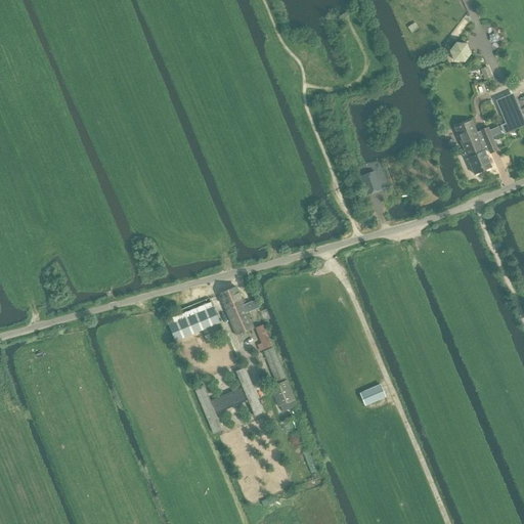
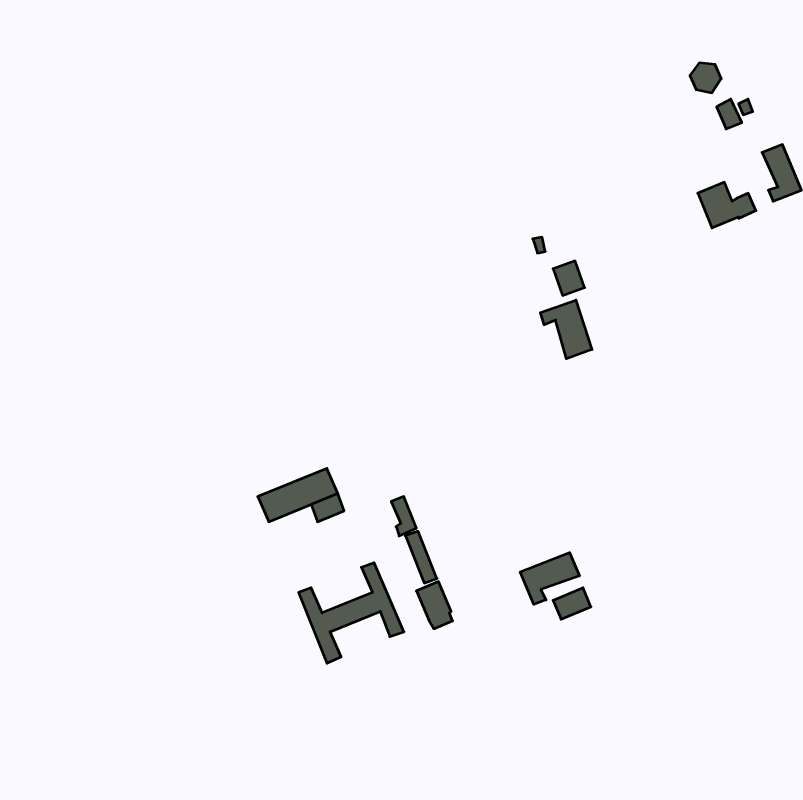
building: [464,137,497,173] -> none
building: none -> [540,300,592,359]
building: [219,286,259,334] -> none
building: none -> [520,553,579,604]

